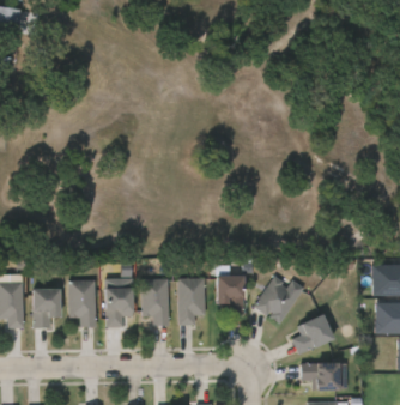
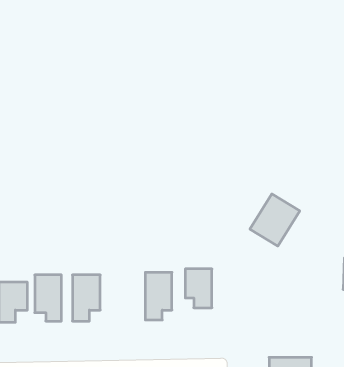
building: [254,272,303,324] -> [250,194,300,246]
building: [143,278,169,325] -> none
building: [292,313,335,353] -> none

